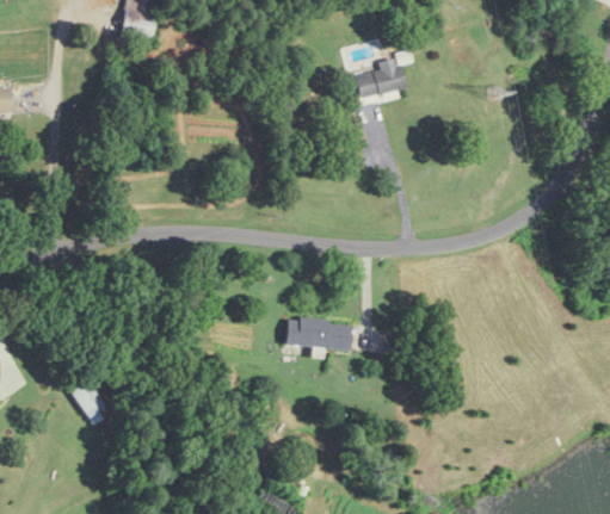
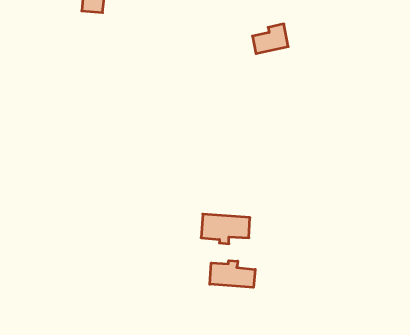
building: [70,379,105,425] -> none
building: none -> [210,261,255,287]

